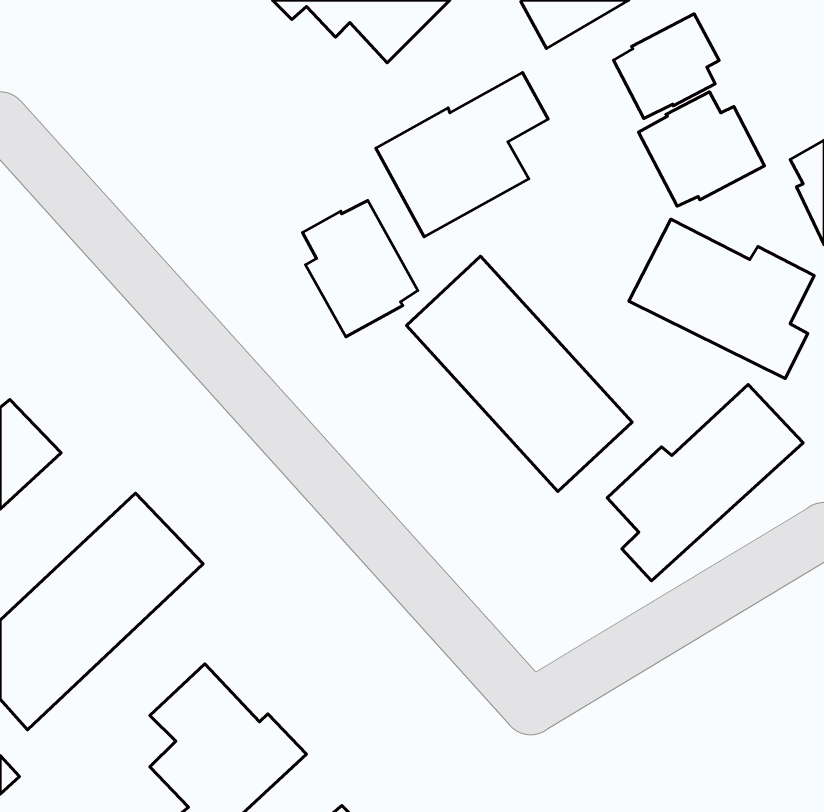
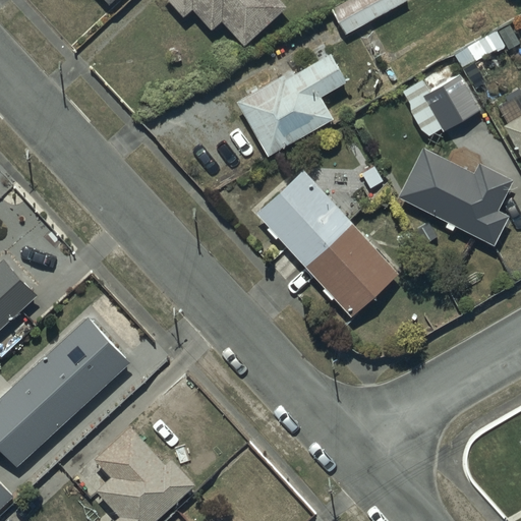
building: [614,14,719,118] -> none
building: [302,201,418,337] -> none
building: [607,384,803,581] -> none

